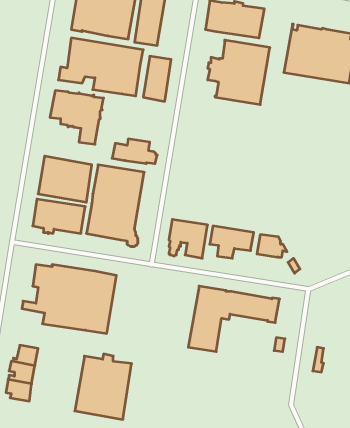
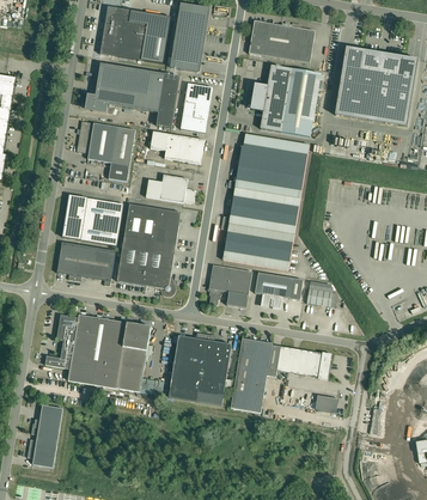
building: none -> [150,130,203,163]
building: none -> [221,133,309,269]
building: [75,354,132,419] -> [167,333,231,406]

